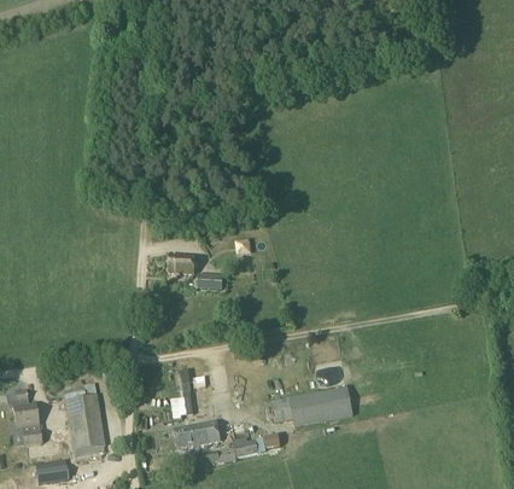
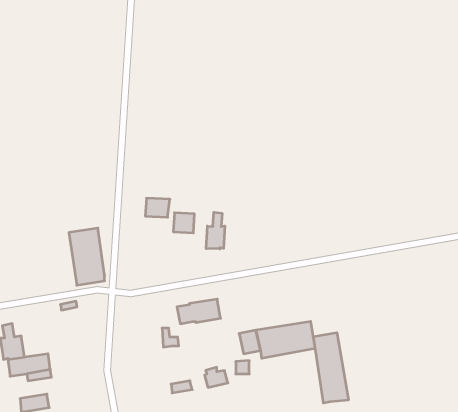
building: none -> [206,212,225,249]
building: [65,395,104,456] -> [69,228,105,285]
building: none -> [313,333,348,403]
building: [174,420,221,447] -> [177,299,221,324]

